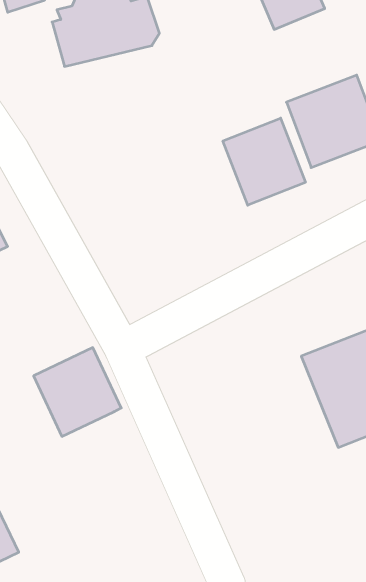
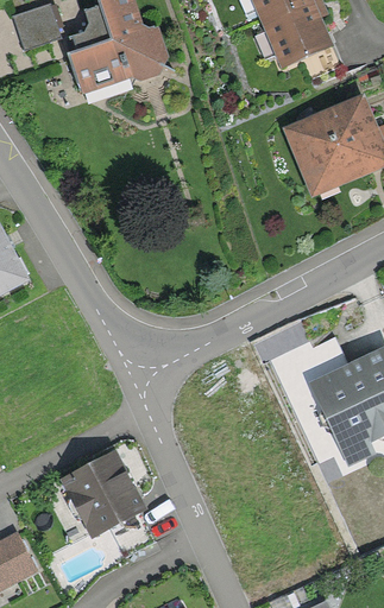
building: [223,118,305,205] -> none
building: [34,348,121,436] -> [59,451,144,537]

